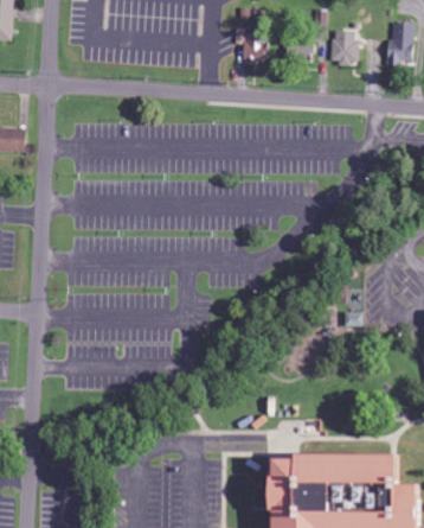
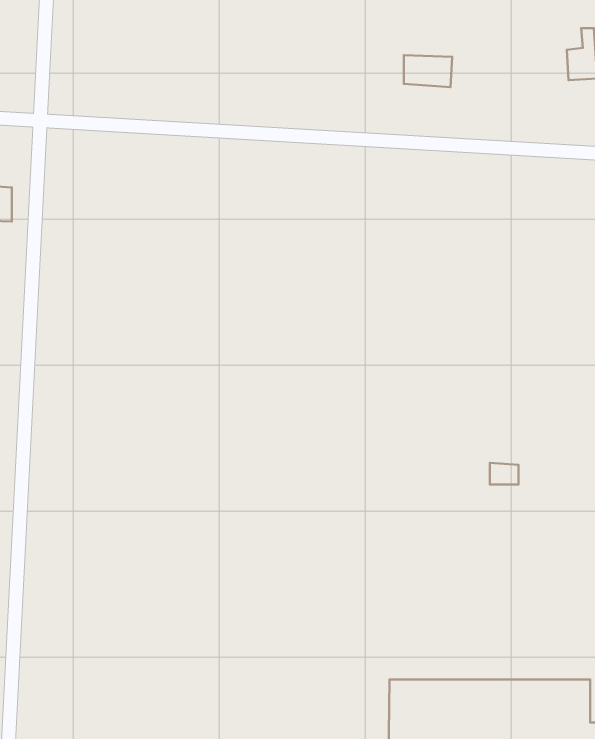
building: [328,31,355,64] -> none
building: [240,33,265,63] -> none

